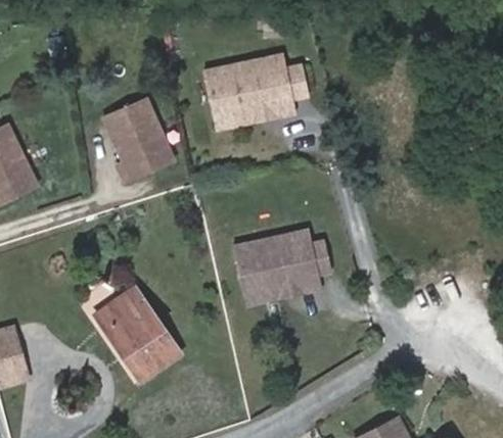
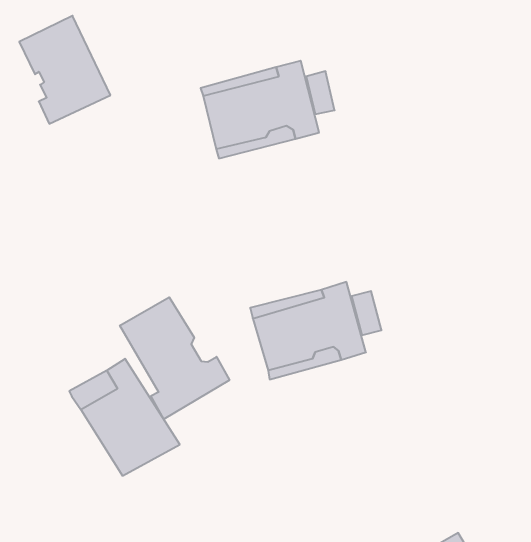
building: [99,98,171,183] -> [19,16,110,124]
building: none -> [120,297,229,419]

